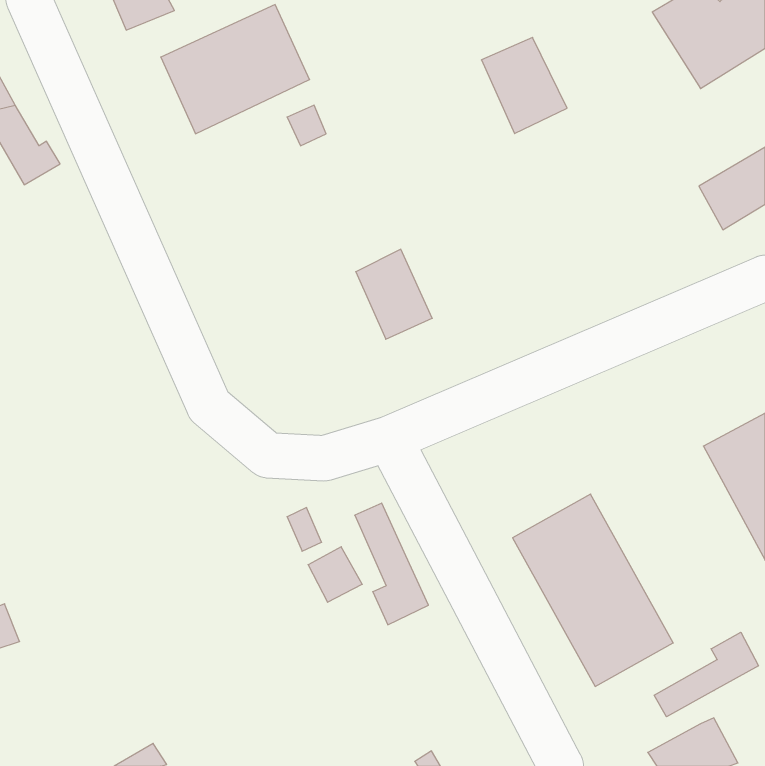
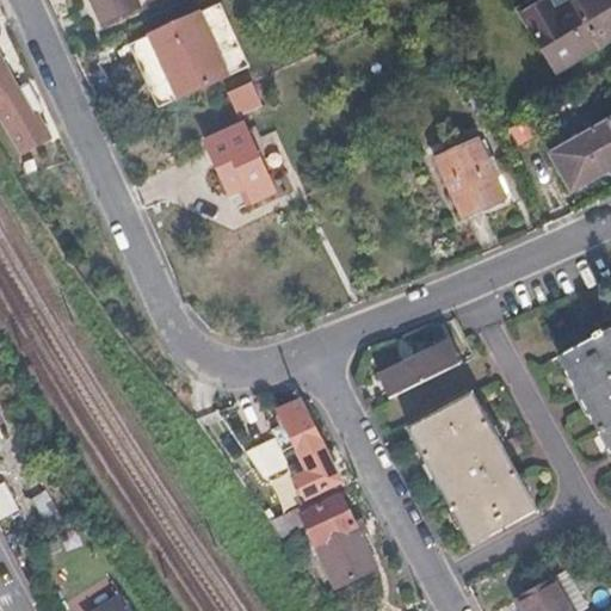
building: [481,37,567,134] -> [436,138,504,215]
building: [356,249,432,339] -> [205,123,266,195]
building: none -> [378,334,471,397]
building: none -> [271,496,377,586]
building: [654,632,758,717] -> none

